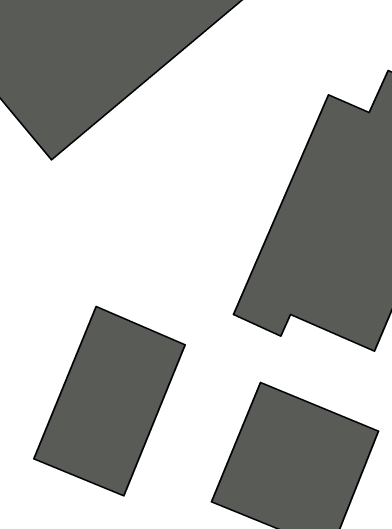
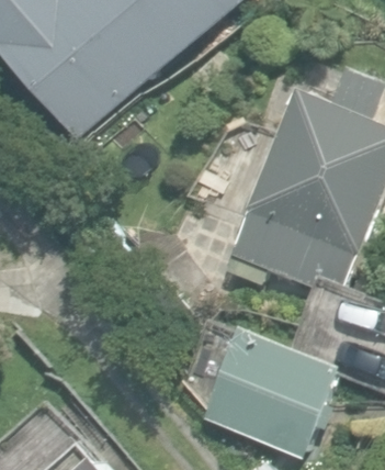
building: [34,306,185,496] -> none

